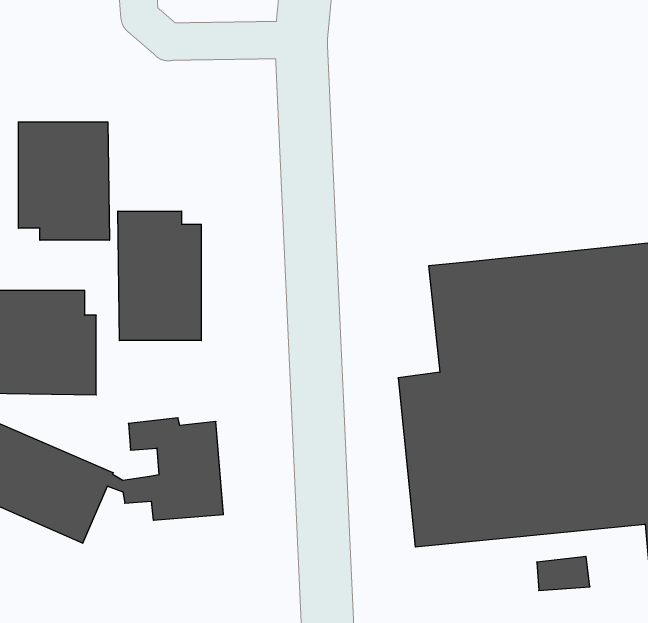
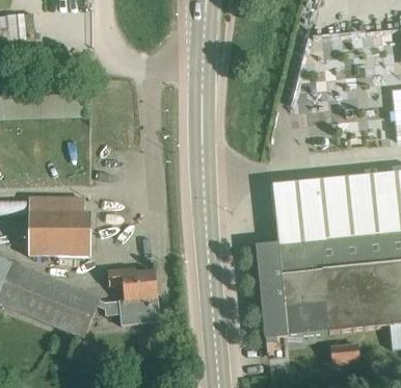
building: [18,122,109,240] -> none
building: [118,211,201,341] -> none

